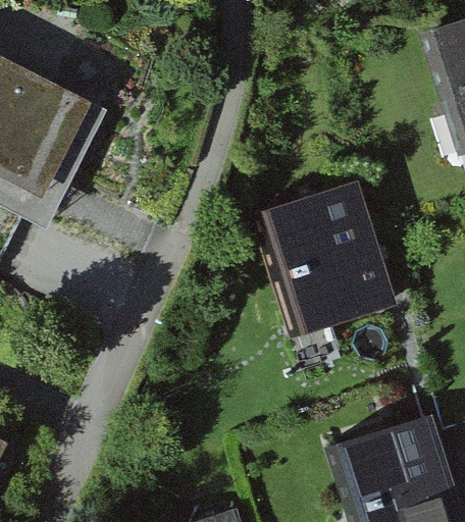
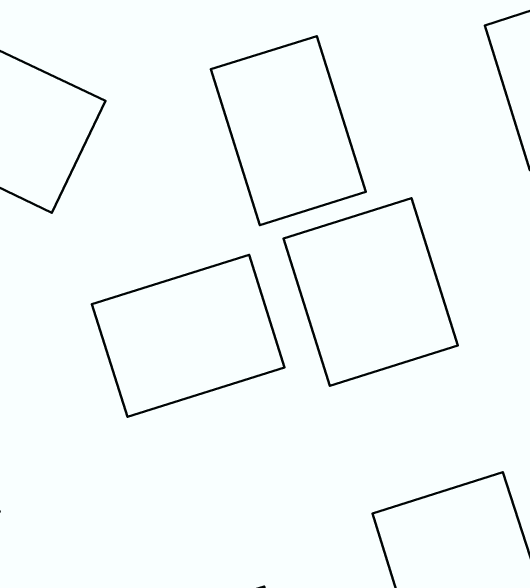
building: none -> [211,36,366,225]
building: none -> [92,255,284,417]

